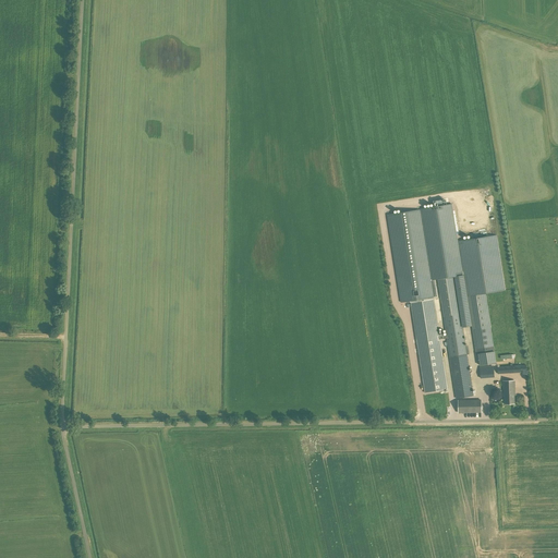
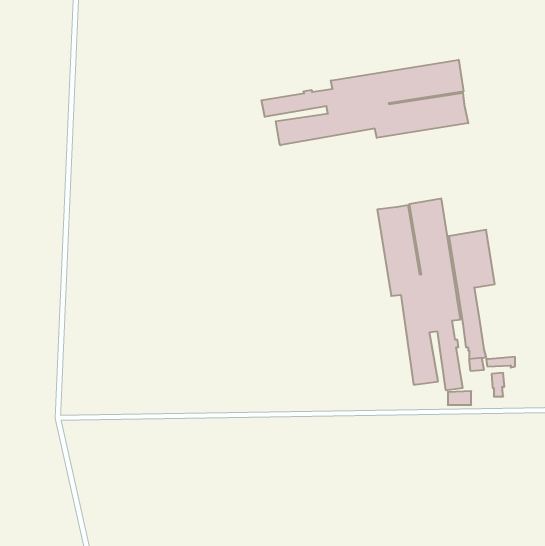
building: none -> [261,60,468,145]

